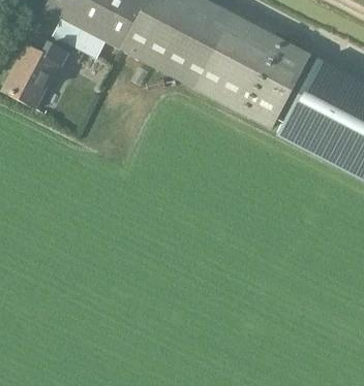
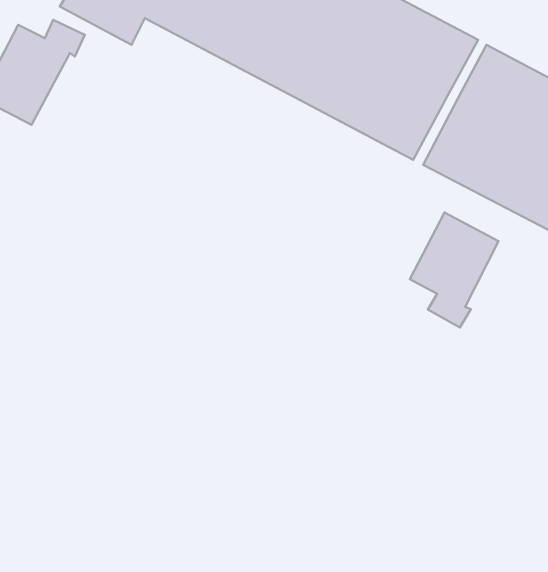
building: none -> [410,213,498,328]

